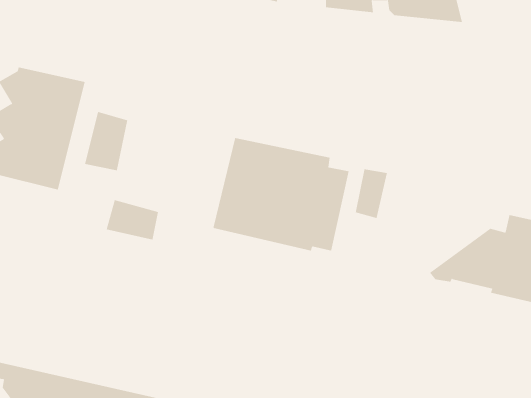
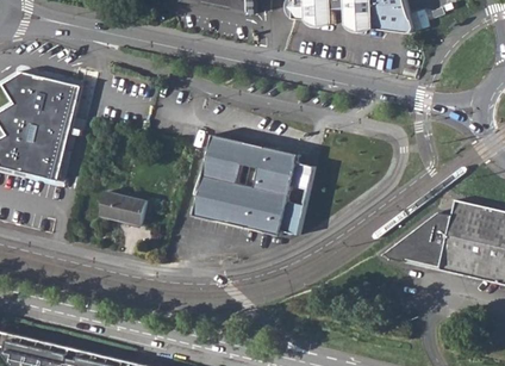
building: [85,111,128,171] -> none
building: [355,168,388,219] -> none

